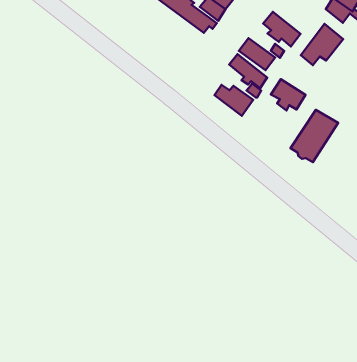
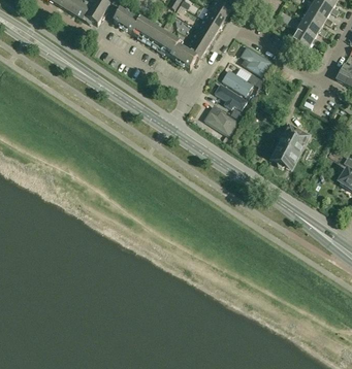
building: [301,24,343,65] -> none
building: [271,79,306,111] -> none

